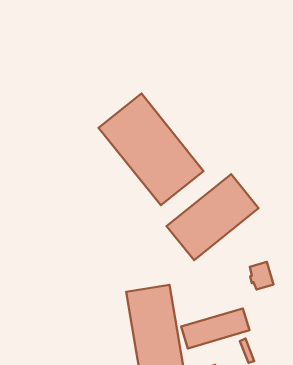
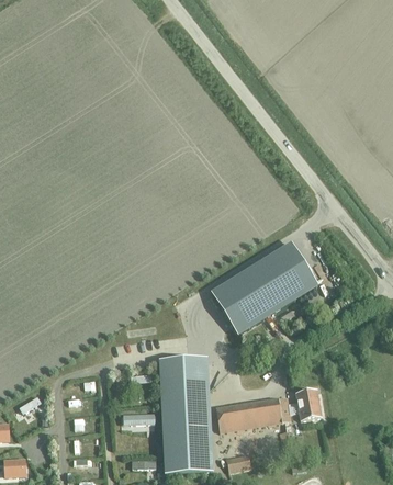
building: [99,94,204,205] -> none
building: [250,262,274,290] -> [295,388,321,418]

